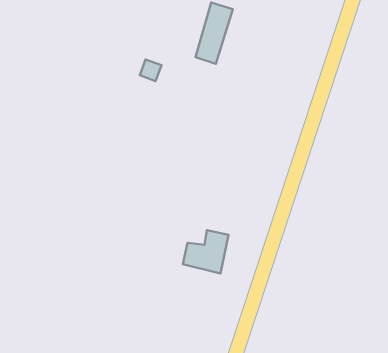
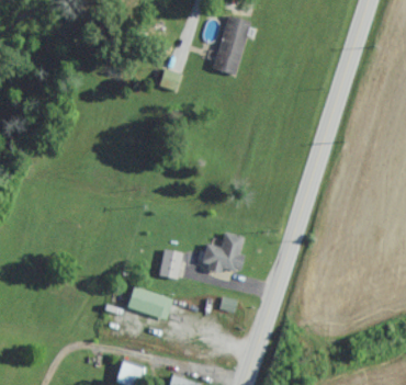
building: none -> [158,249,183,280]
building: none -> [126,286,174,320]

